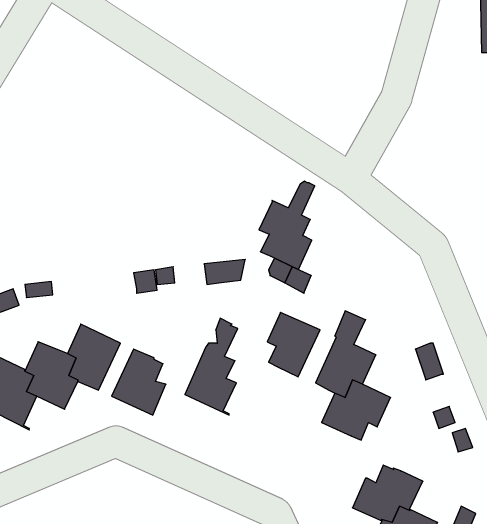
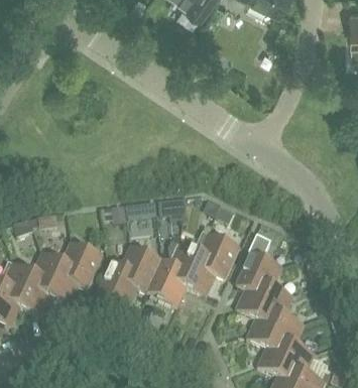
building: [259,181,315,269] -> [174,233,213,293]
building: none -> [126,248,161,292]
building: none -> [252,311,300,353]

